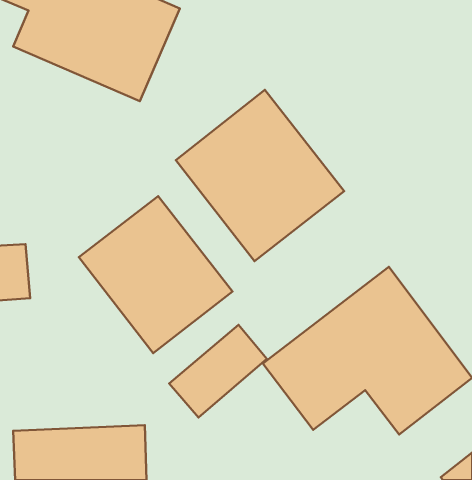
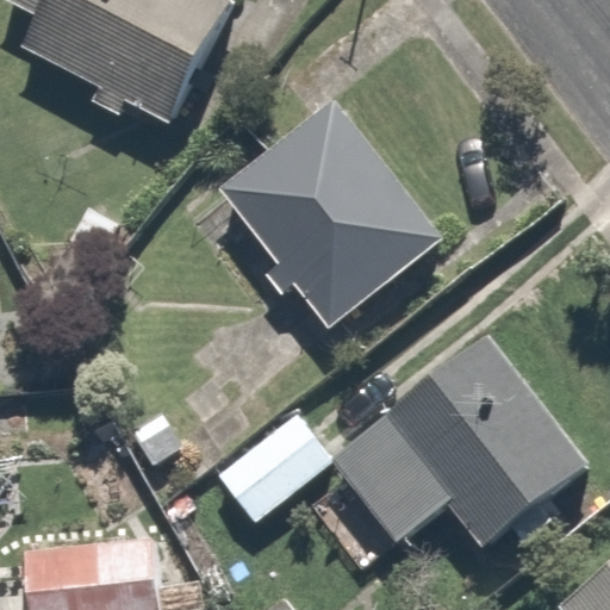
building: [79,196,233,353] -> none

